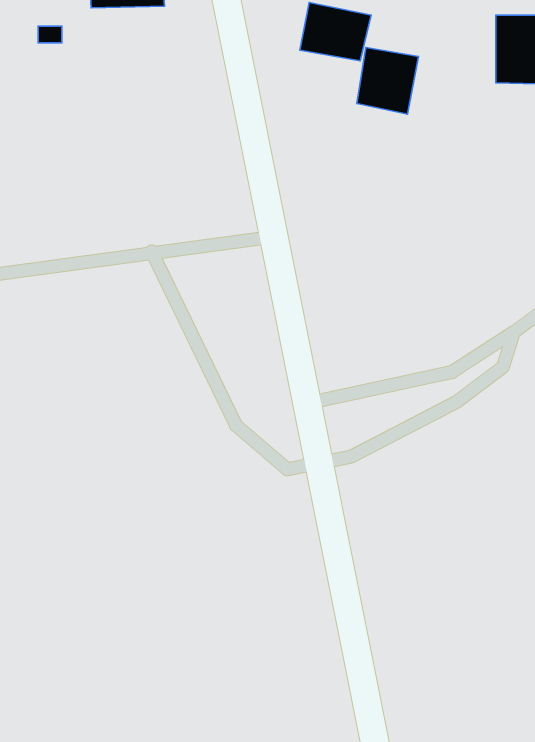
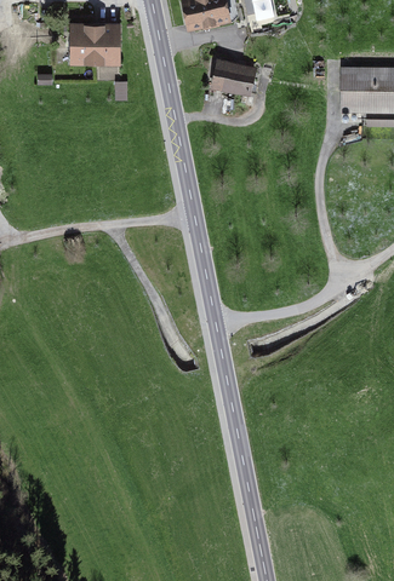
building: [357,47,419,114] -> none

